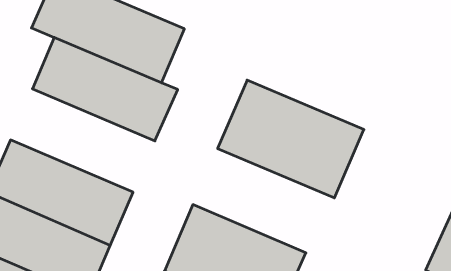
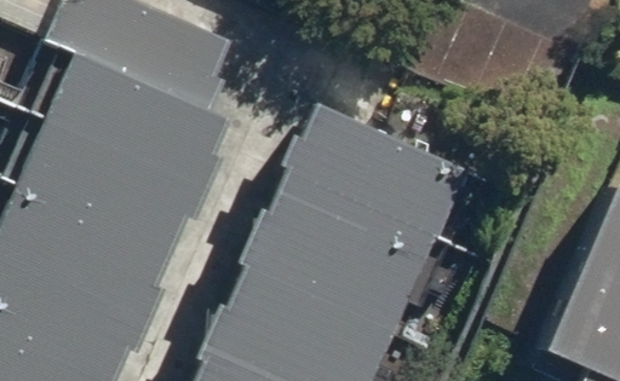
building: none -> [16,119,200,250]
building: none -> [248,195,429,330]

